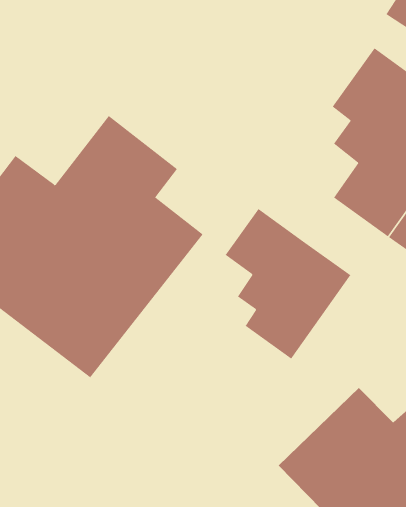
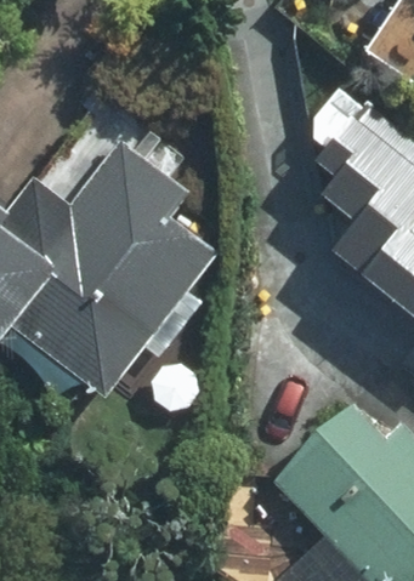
building: [225,208,351,360] -> none

